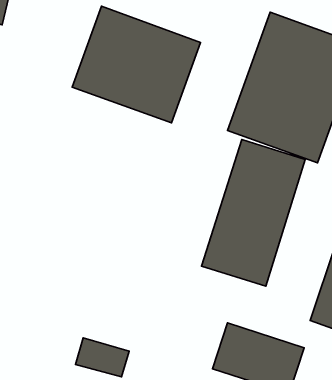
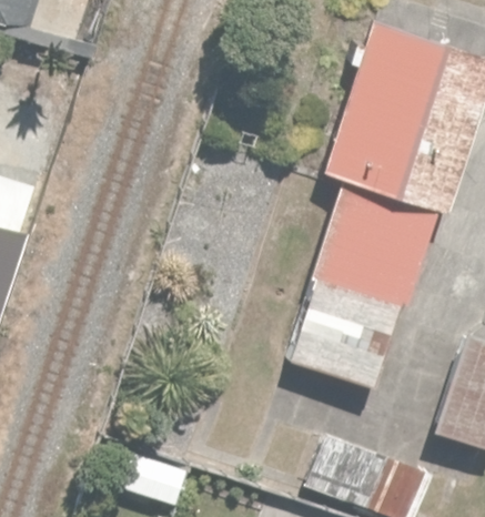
building: [72,6,200,123] -> none

